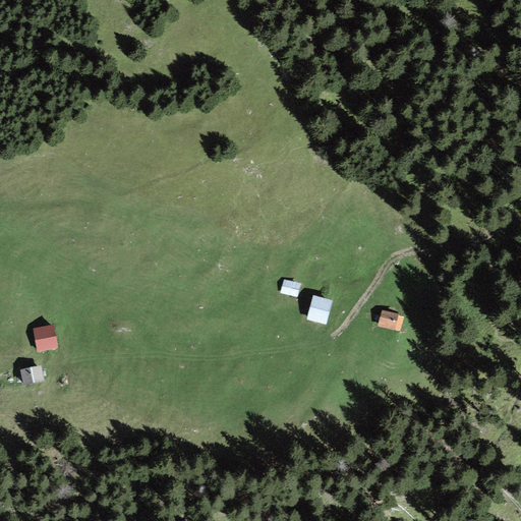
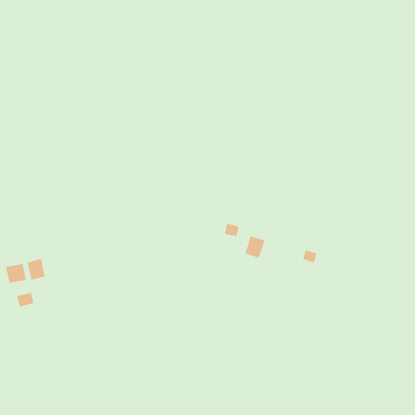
building: none -> [5,263,27,283]

